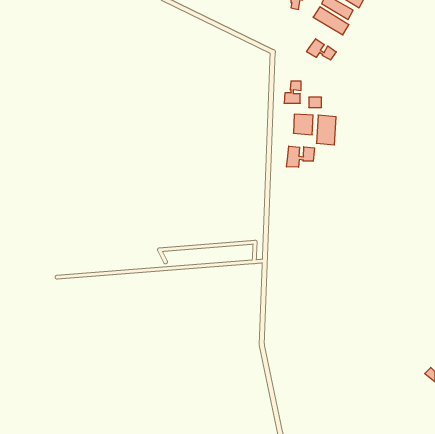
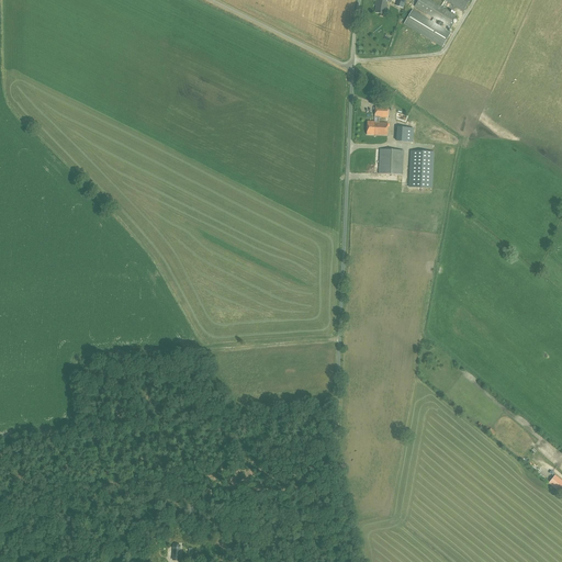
building: [307,39,336,60] -> none
building: [287,146,315,167] -> none

